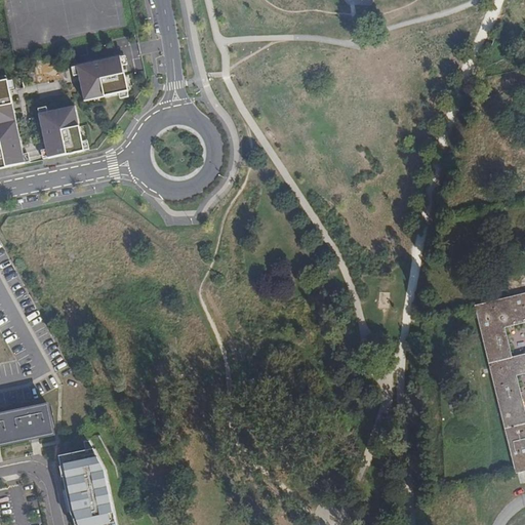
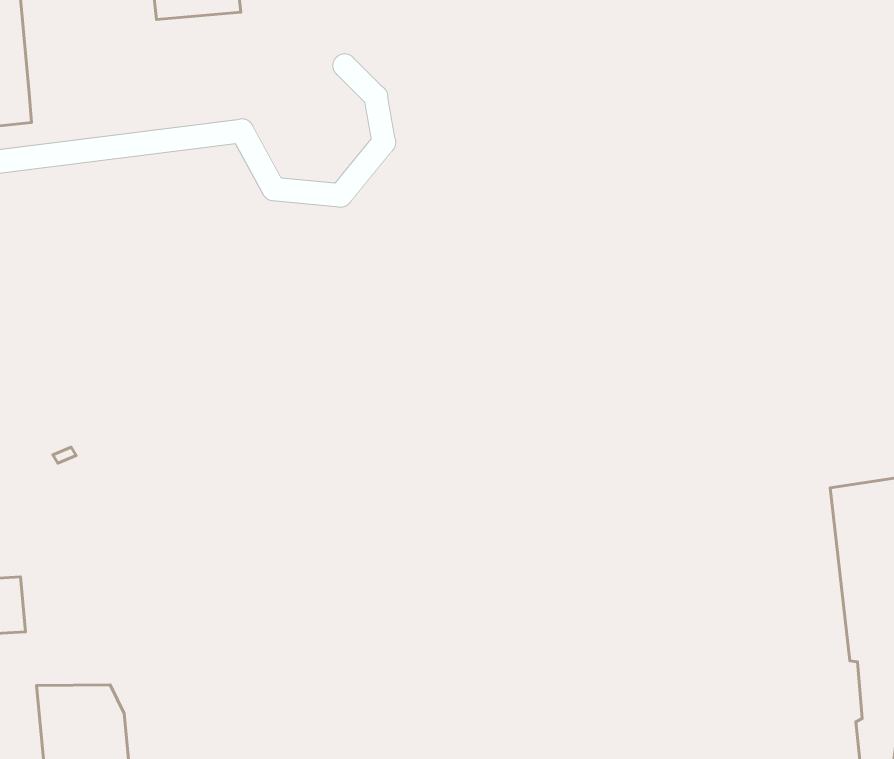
building: [38,106,84,158] -> none

